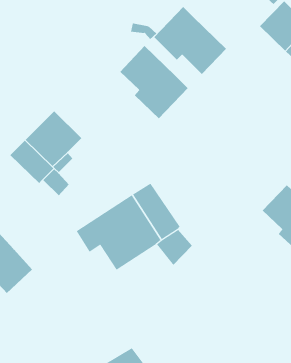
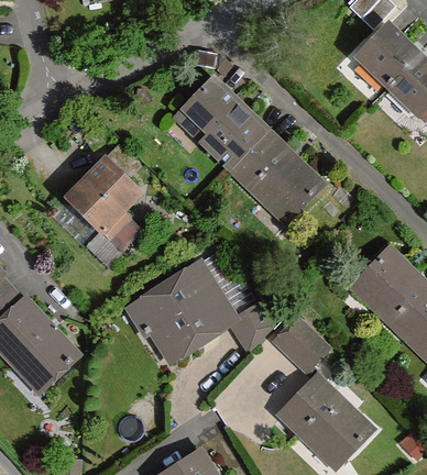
building: [154,6,227,75] -> [232,132,322,217]
building: none -> [278,318,330,372]
building: none -> [281,377,372,461]

